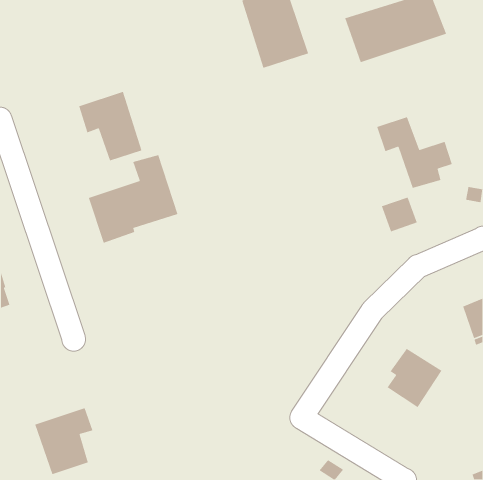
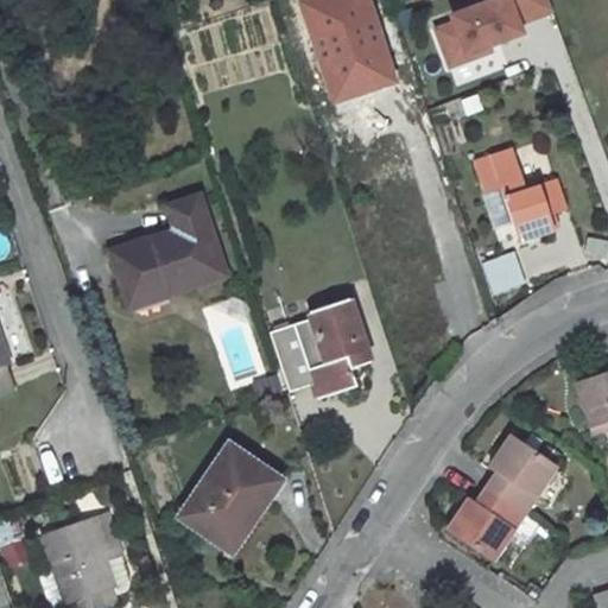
building: [78,91,142,162] -> none
building: none -> [268,297,370,398]
building: none -> [179,442,280,546]
building: none -> [446,487,525,560]

